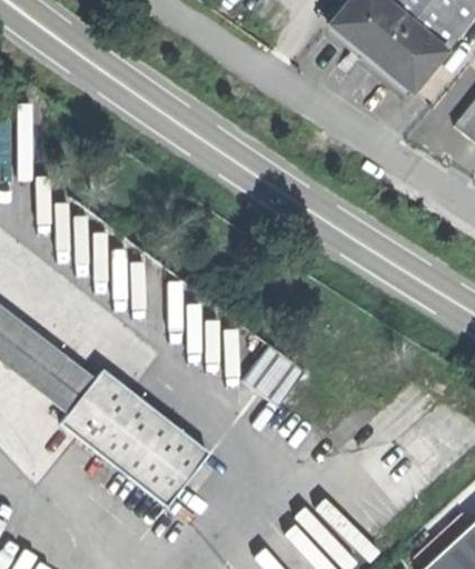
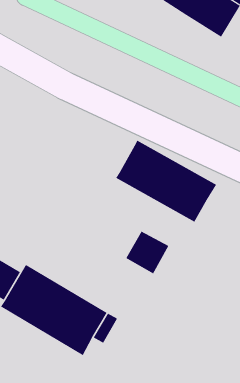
building: none -> [116,140,217,223]

